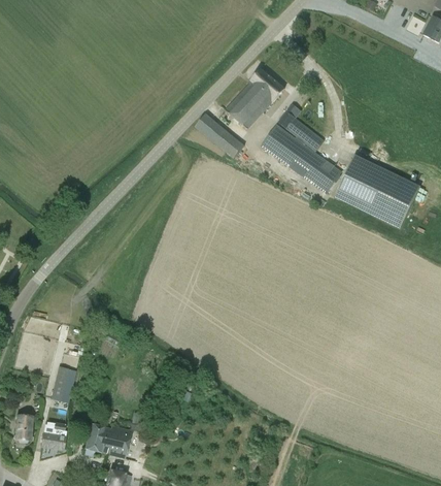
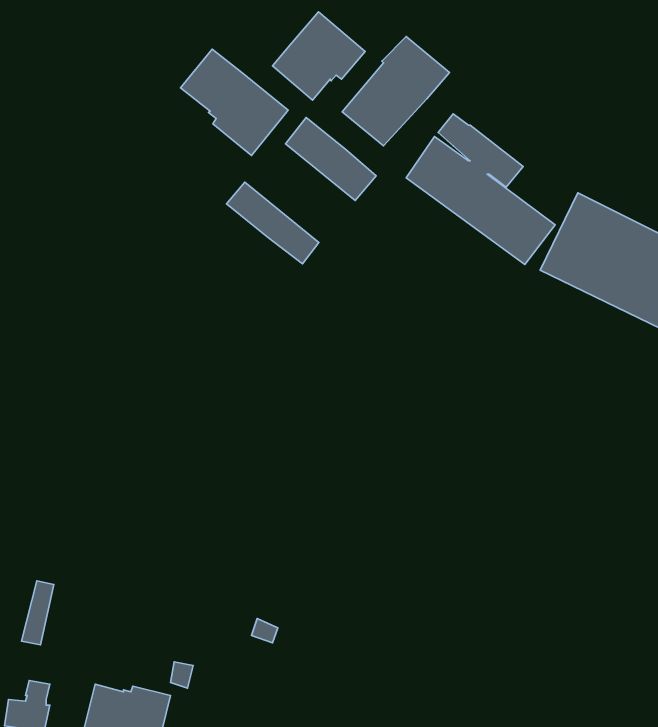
building: none -> [273,12,365,100]
building: none -> [181,49,288,155]
building: none -> [227,182,319,264]

